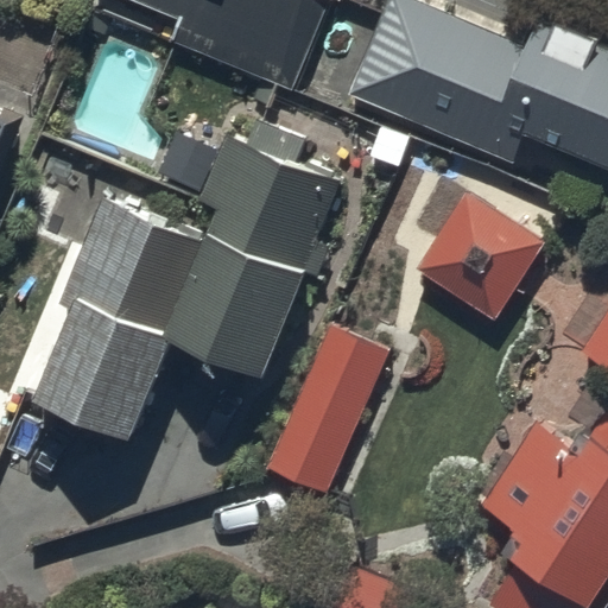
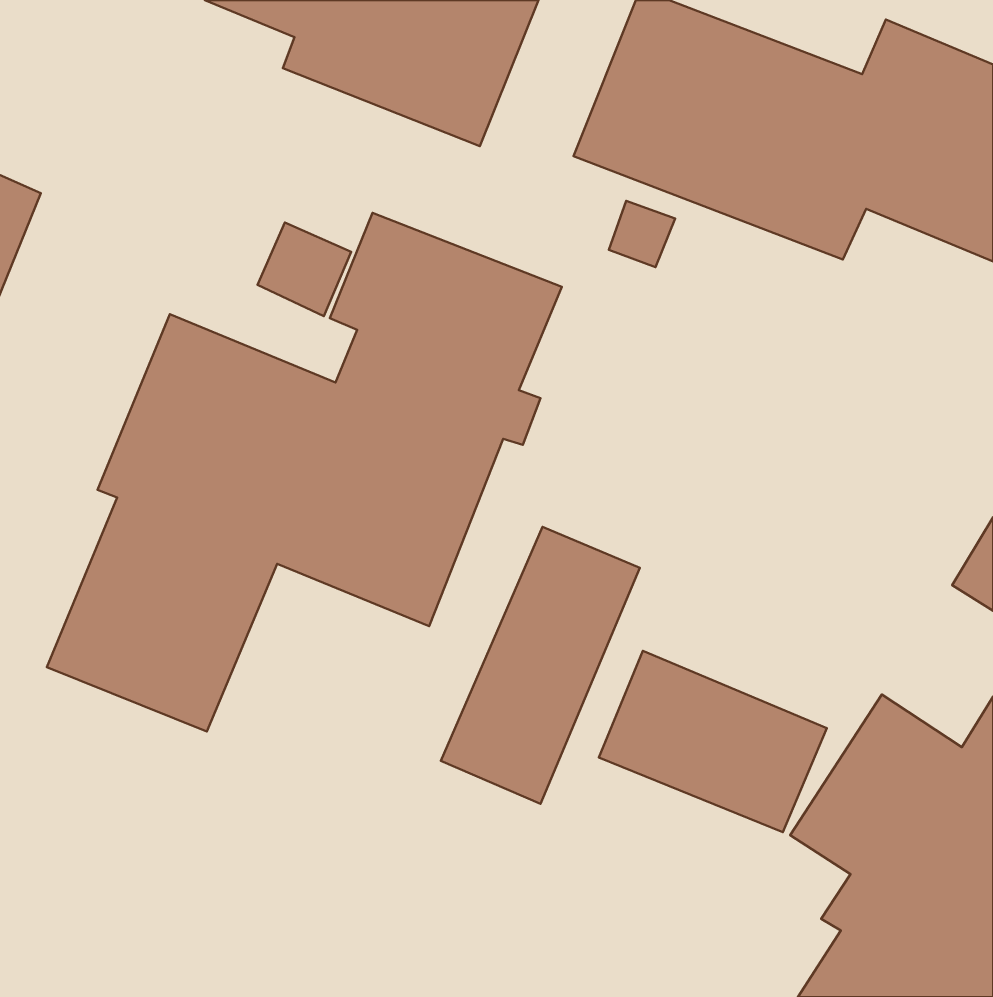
building: [417,191,545,319] -> none
building: none -> [599,651,827,832]

